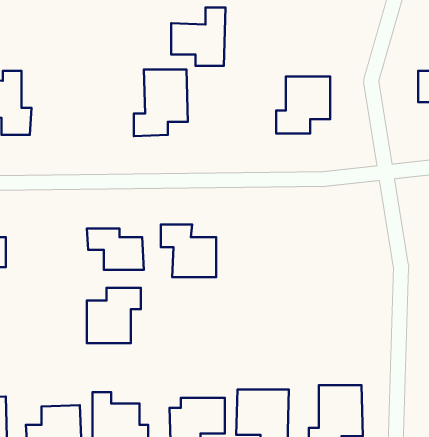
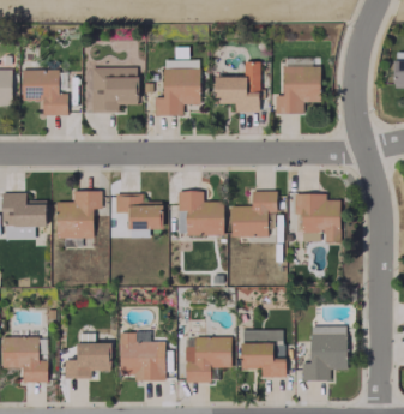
building: [171,8,225,66] -> [215,62,260,112]
building: none -> [90,67,137,112]
building: none -> [231,191,277,236]
building: none -> [294,193,340,241]
building: [87,288,141,343] -> [56,191,102,238]

